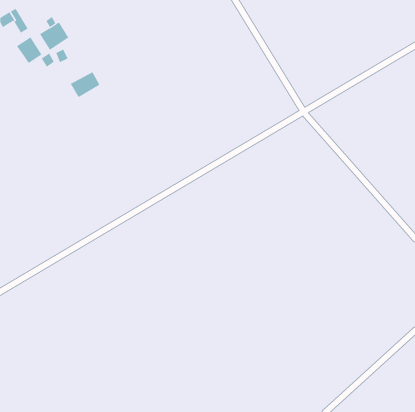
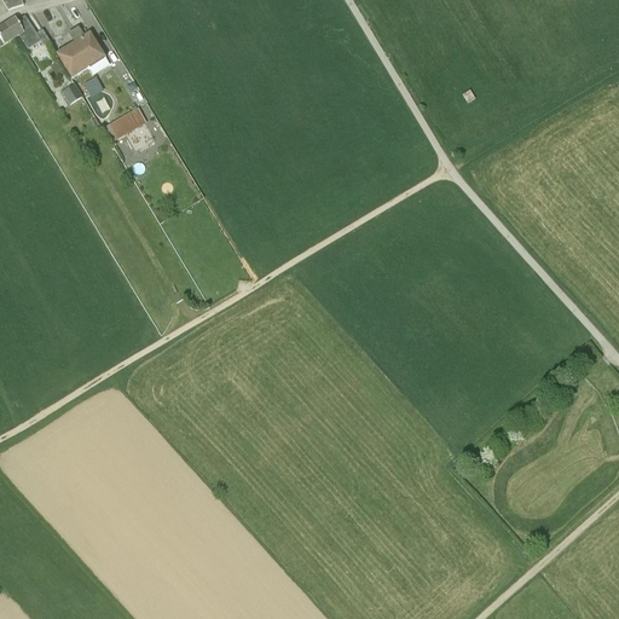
building: [16,36,42,64] -> none

